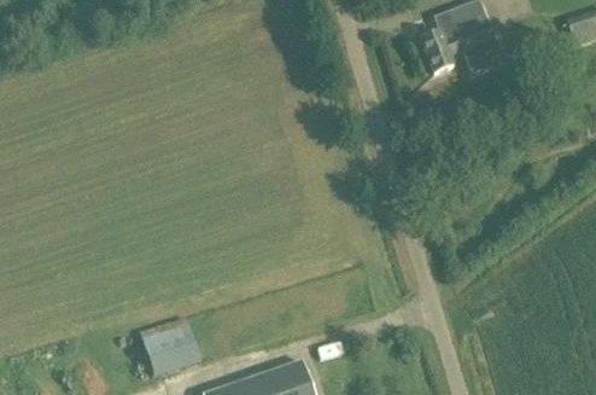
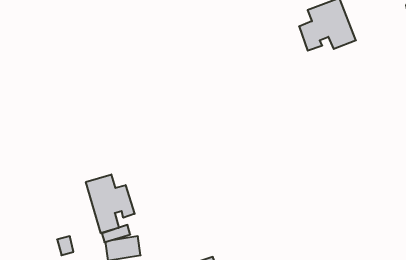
building: none -> [86,174,135,233]

